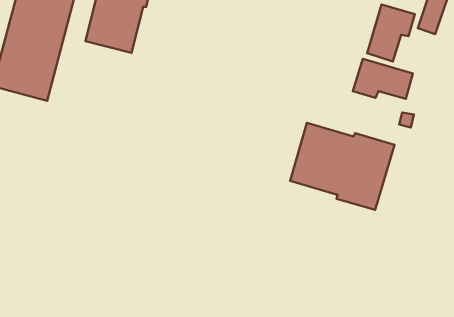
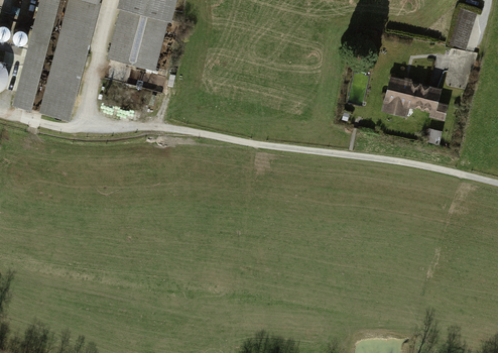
building: [367,5,415,61] -> none
building: [290,123,395,210] -> none

